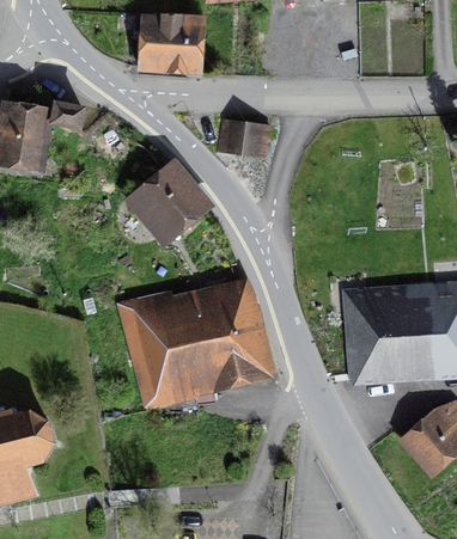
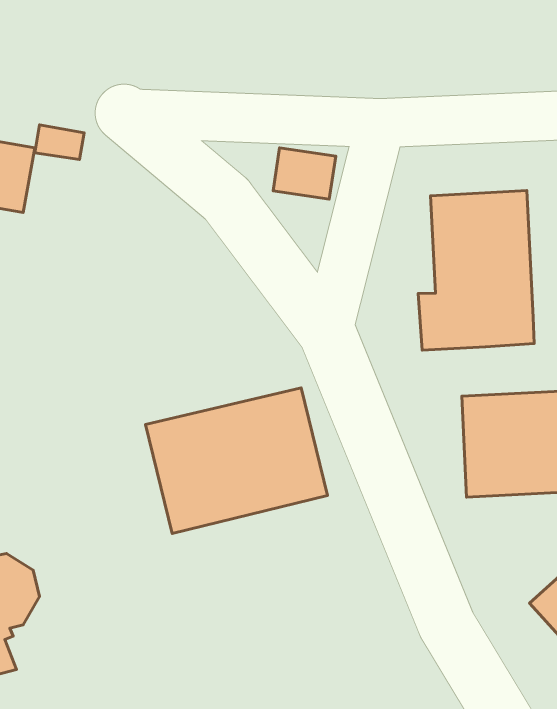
building: [135,23,202,72] -> none
building: none -> [418,191,534,350]
building: [126,161,202,239] -> none

